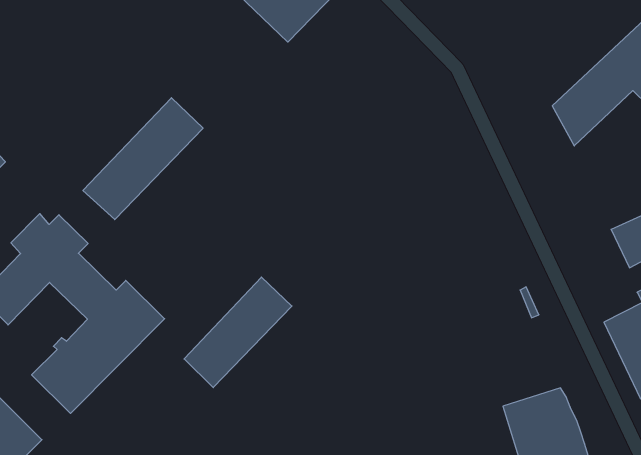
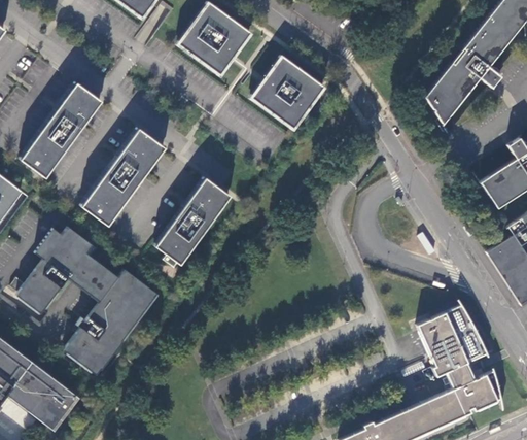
building: none -> [21,82,102,177]
building: none -> [252,55,324,127]
building: [184,277,292,388] -> [156,176,232,264]

